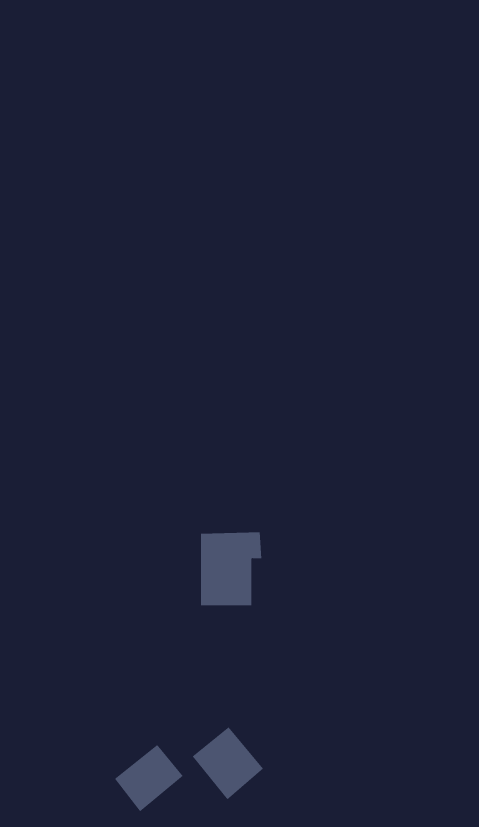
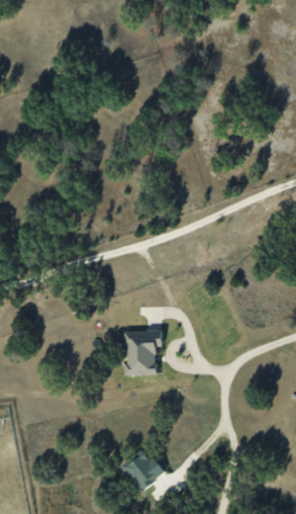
building: [114,744,183,812] -> none

